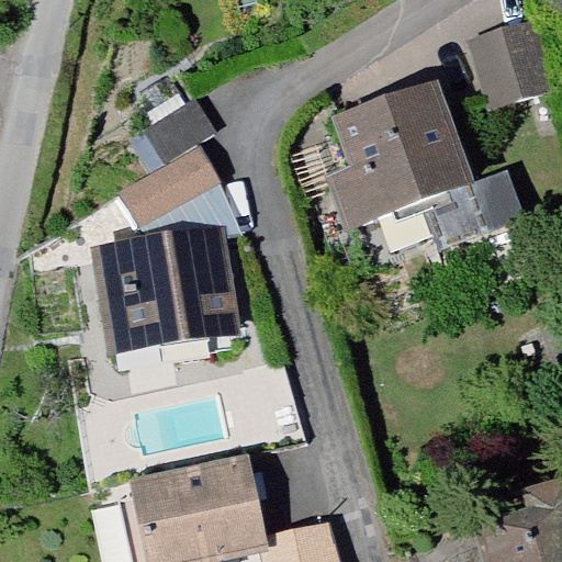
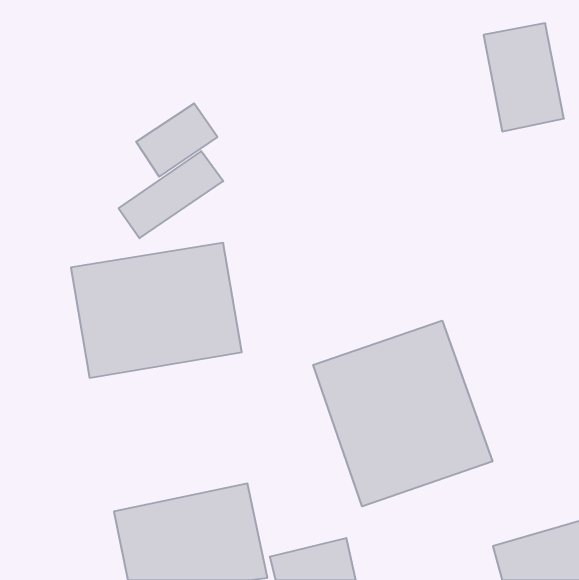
building: [318,80,538,259] -> none
building: none -> [313,321,492,506]

